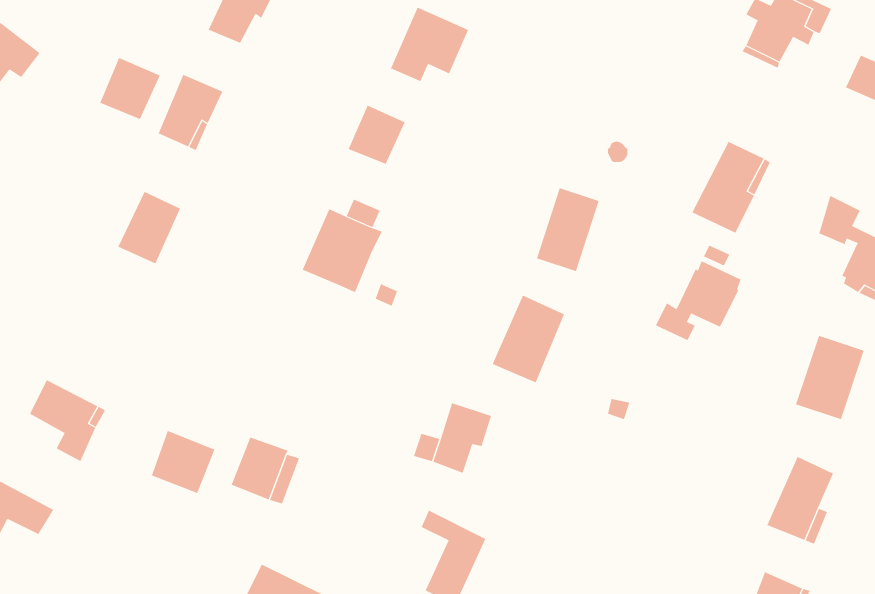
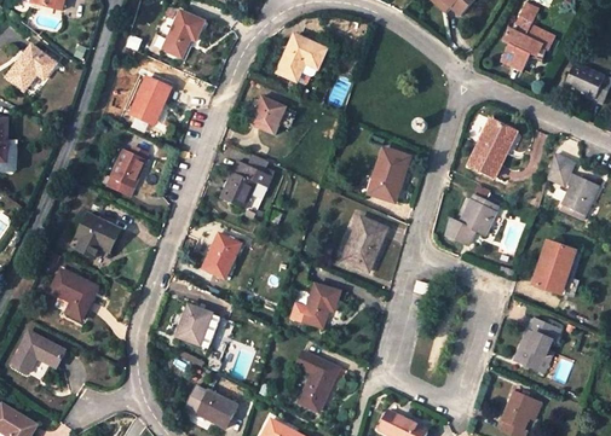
building: [100,57,161,120] -> none
building: none -> [76,214,120,257]
building: none -> [202,232,242,278]
building: [151,430,215,494] -> none

